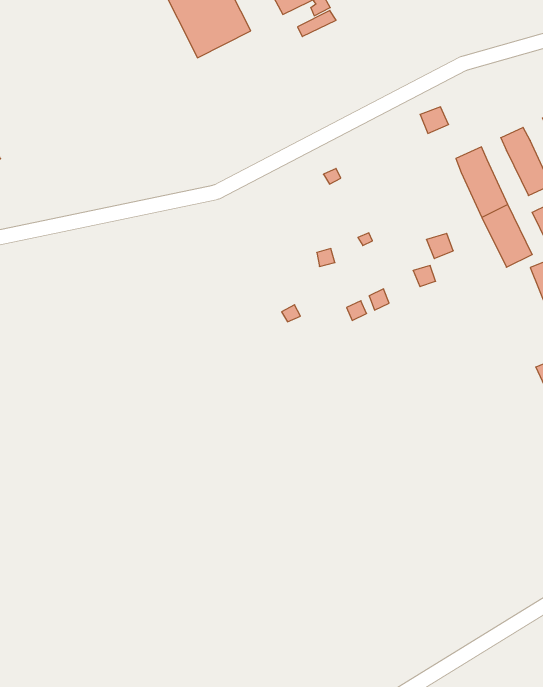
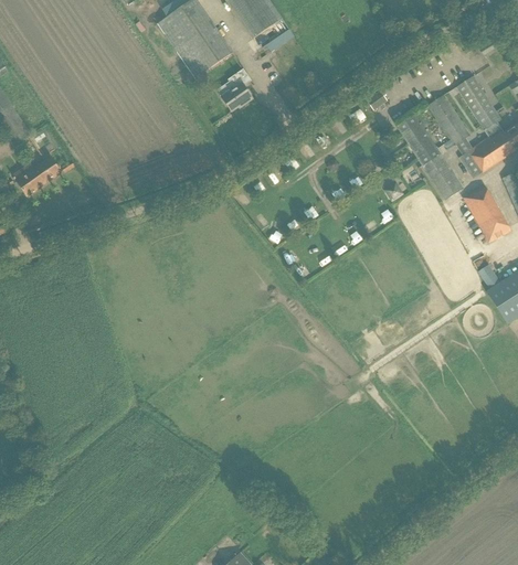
building: none -> [223,68,253,111]

